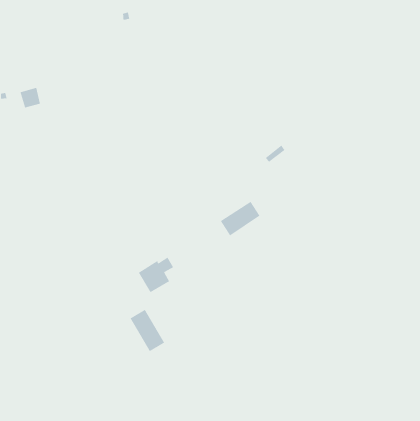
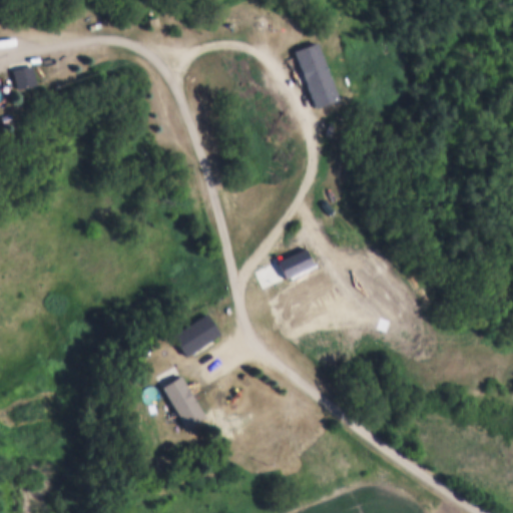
building: none -> [297,44,340,108]
building: [19,87,41,108] -> [13,65,39,91]

